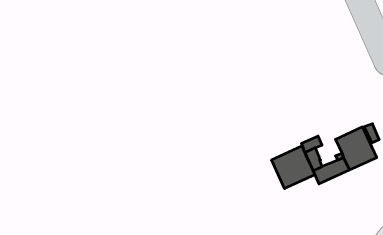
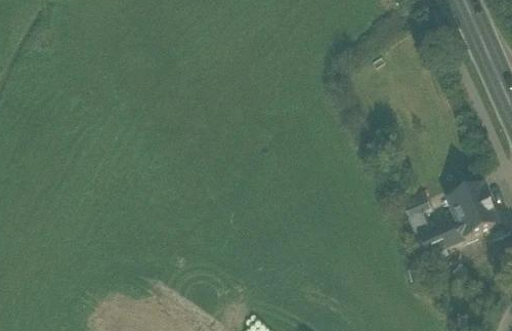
building: [272,146,315,189] -> none

